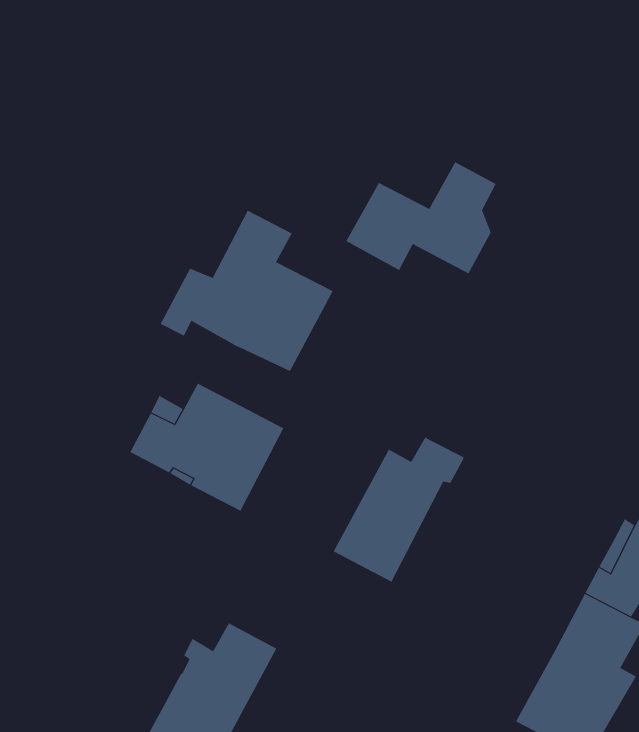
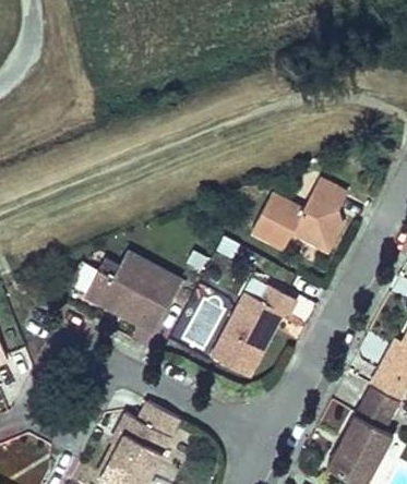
building: [346,161,497,274] -> [250,181,345,252]
building: [160,210,333,372] -> none
building: none -> [180,294,224,350]

